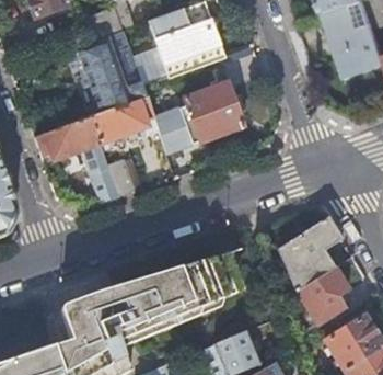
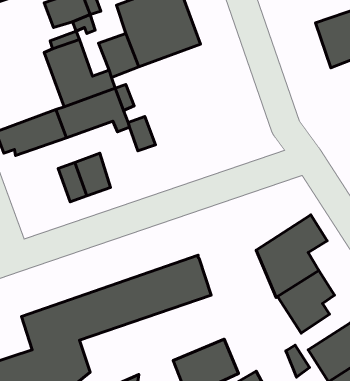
building: [183,81,242,143] -> none

